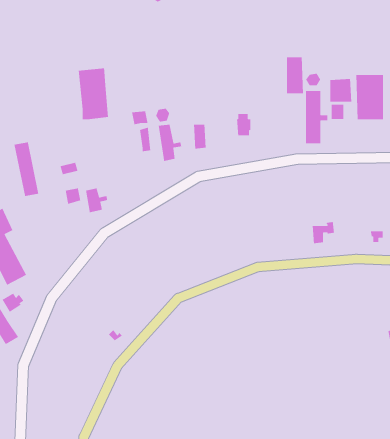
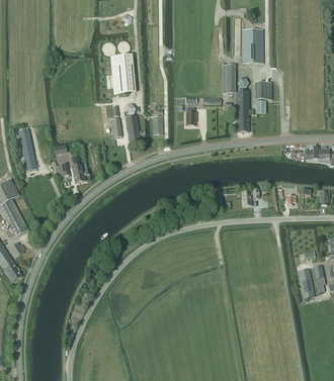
building: [78,67,109,120] -> [110,54,134,93]
building: [355,74,384,120] -> [241,28,262,63]

